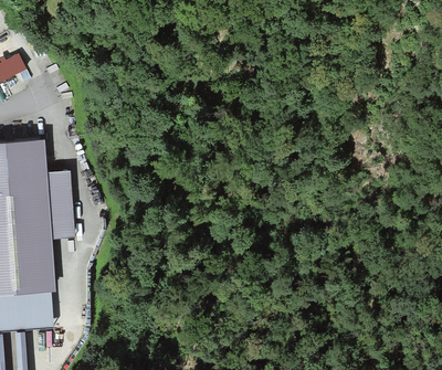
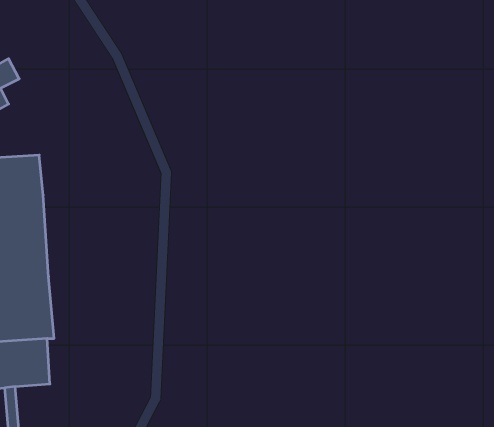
building: [46,169,74,237] -> none

